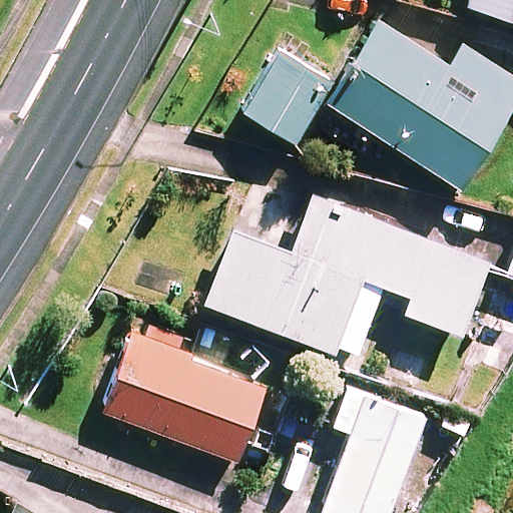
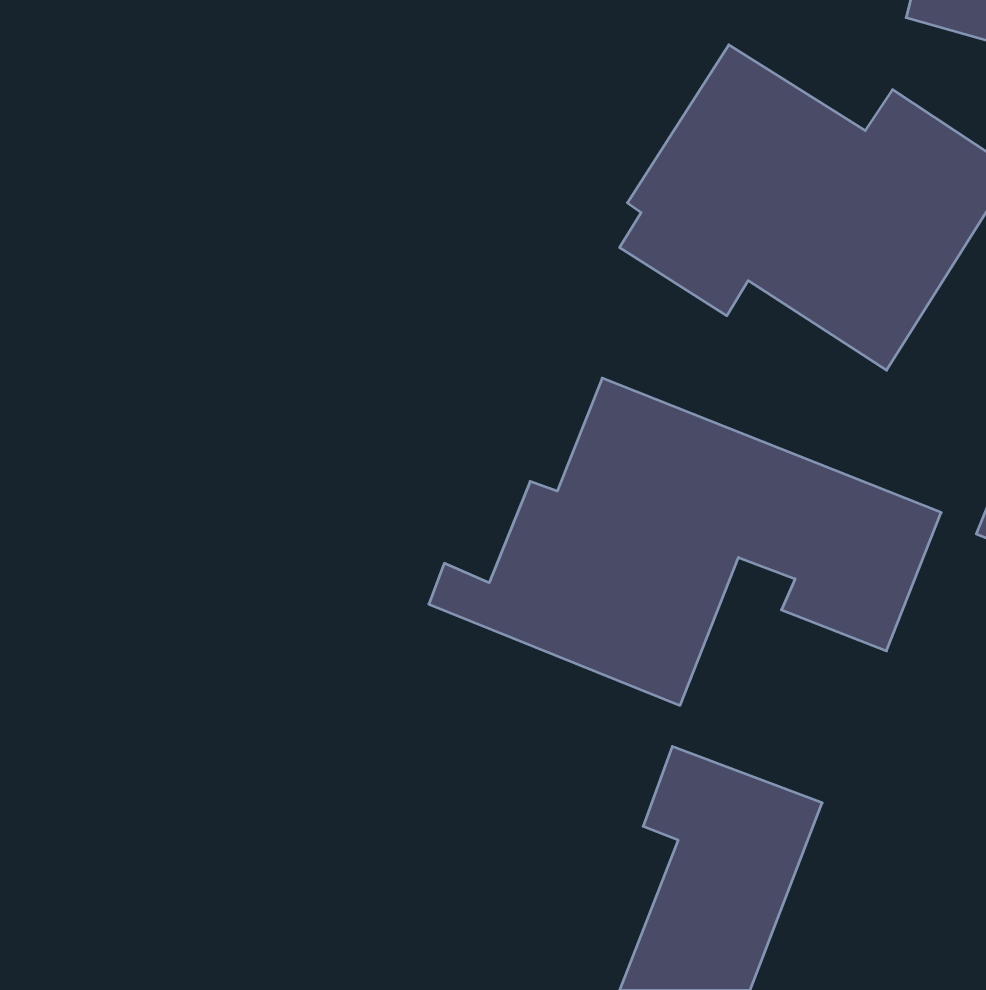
building: [243,51,333,144] -> none
building: [105,322,267,462] -> none

